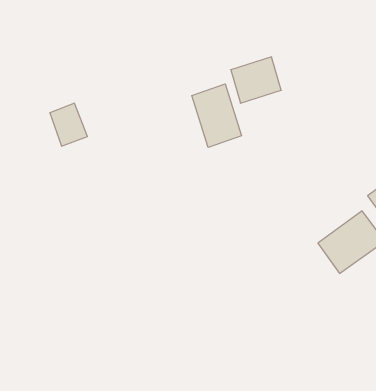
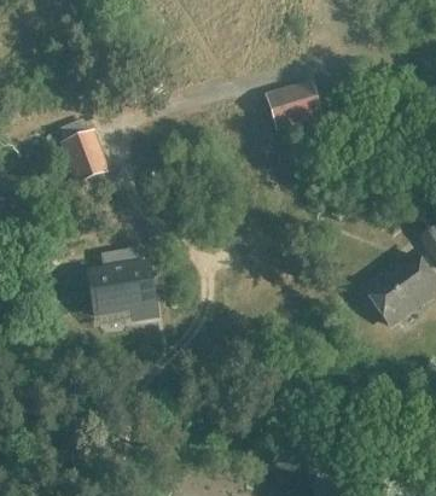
building: [192,84,242,147] -> none
building: none -> [89,249,156,319]

